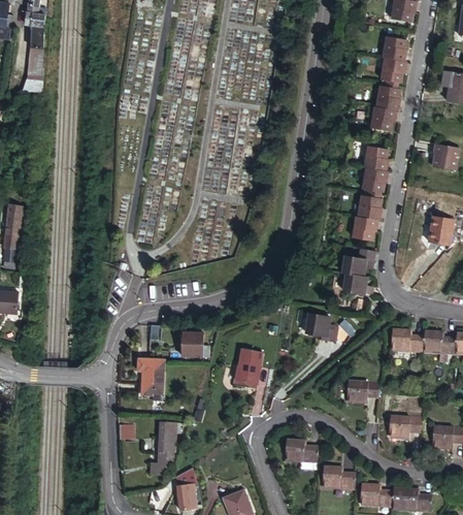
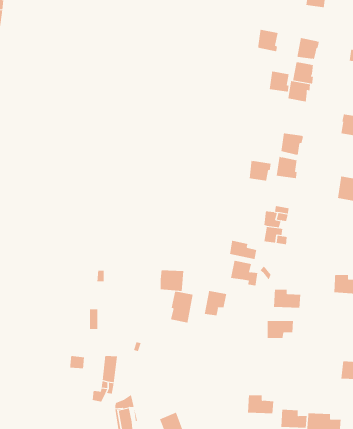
building: [383,35,407,61] -> [257,29,279,52]
building: [364,144,388,169] -> [269,71,289,92]
building: [353,215,378,239] -> [249,160,271,181]
building: none -> [229,240,257,260]
building: [392,328,424,350] -> [273,289,301,308]
building: [178,329,206,354] -> [160,270,184,291]
building: none -> [204,290,227,316]
building: [137,358,162,394] -> none
building: [390,418,421,440] -> none
building: [286,438,317,458] -> none

